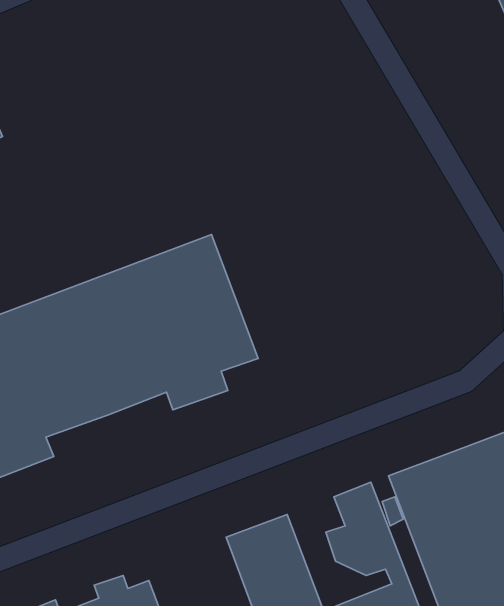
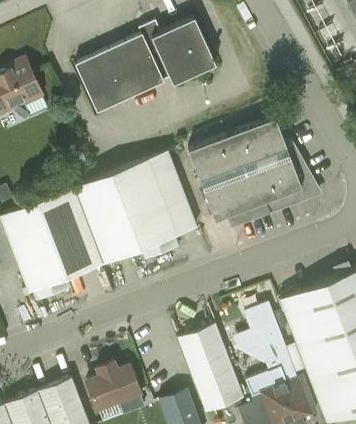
building: none -> [75,19,216,114]
building: none -> [188,119,323,230]

